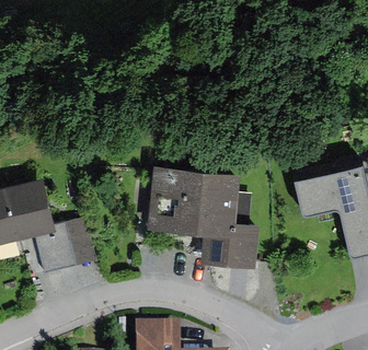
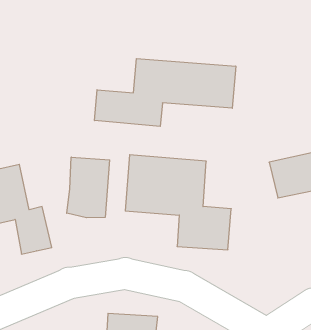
building: none -> [95,59,236,126]
building: none -> [67,157,110,218]

